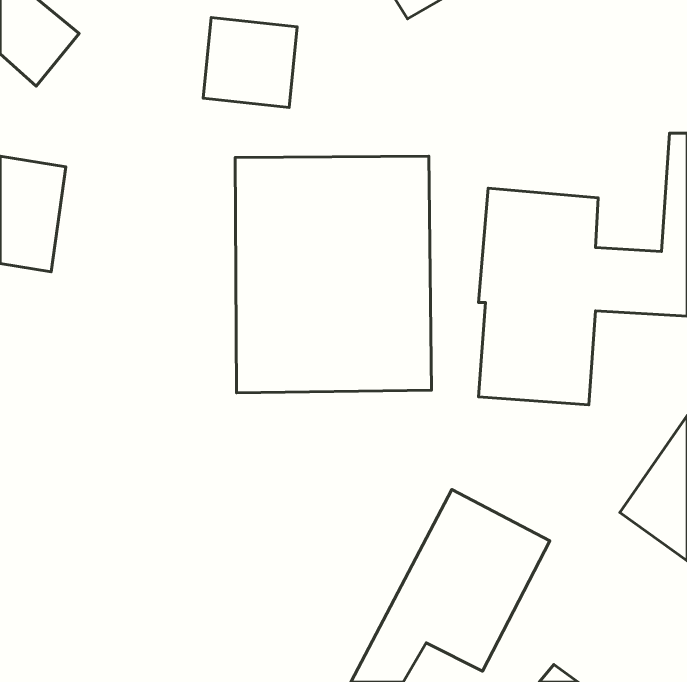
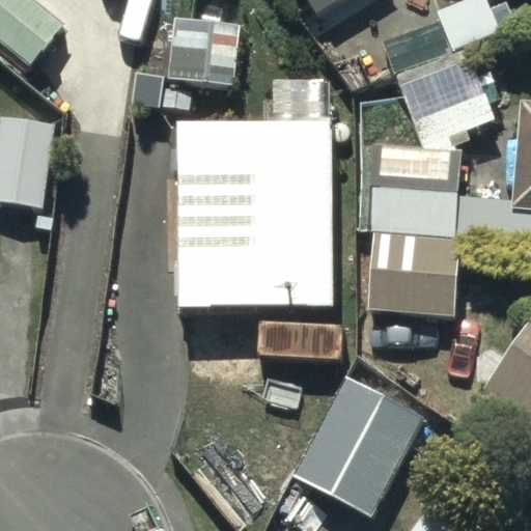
building: none -> [398,49,496,143]

